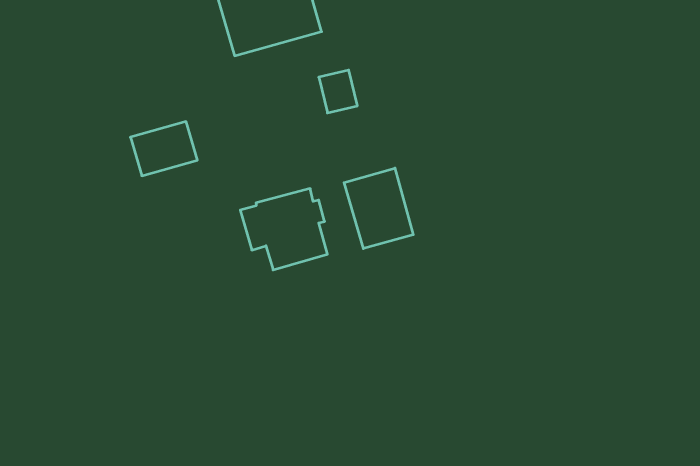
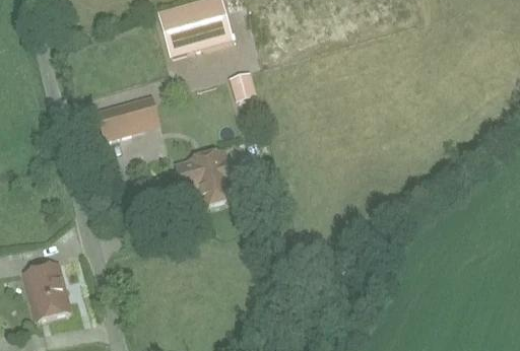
building: [344,168,413,249] -> none
building: none -> [23,264,68,320]

